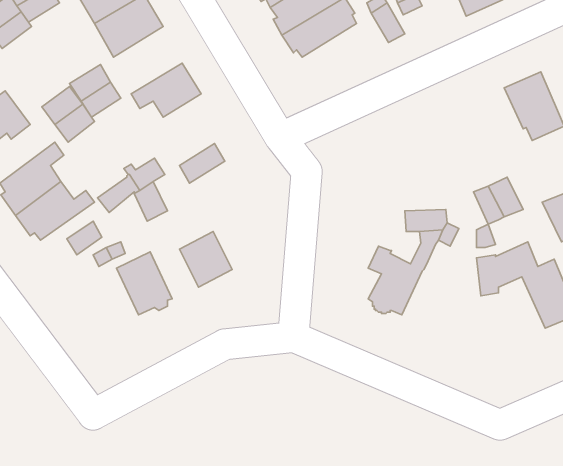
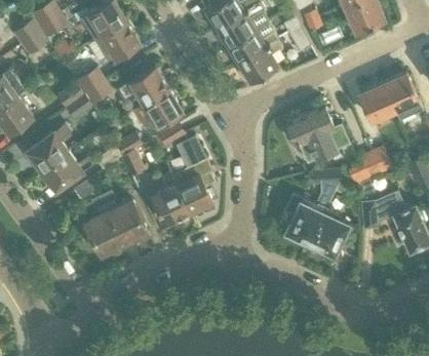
building: none -> [239,39,283,83]
building: none -> [359,84,394,123]
building: none -> [133,88,183,130]
building: none -> [284,110,351,163]
building: none -> [173,136,212,211]
building: none -> [84,210,124,254]
building: none -> [309,211,350,260]

